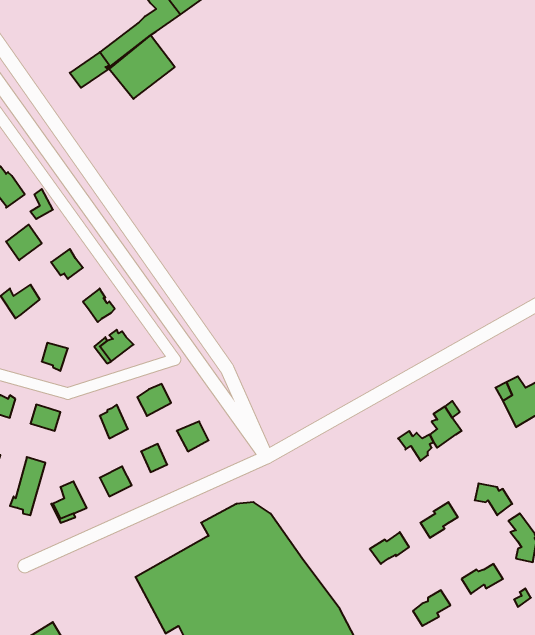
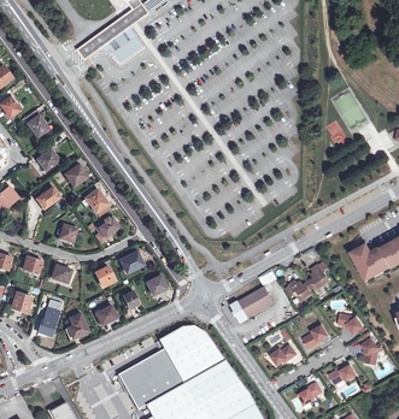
building: none -> [230,288,272,323]

